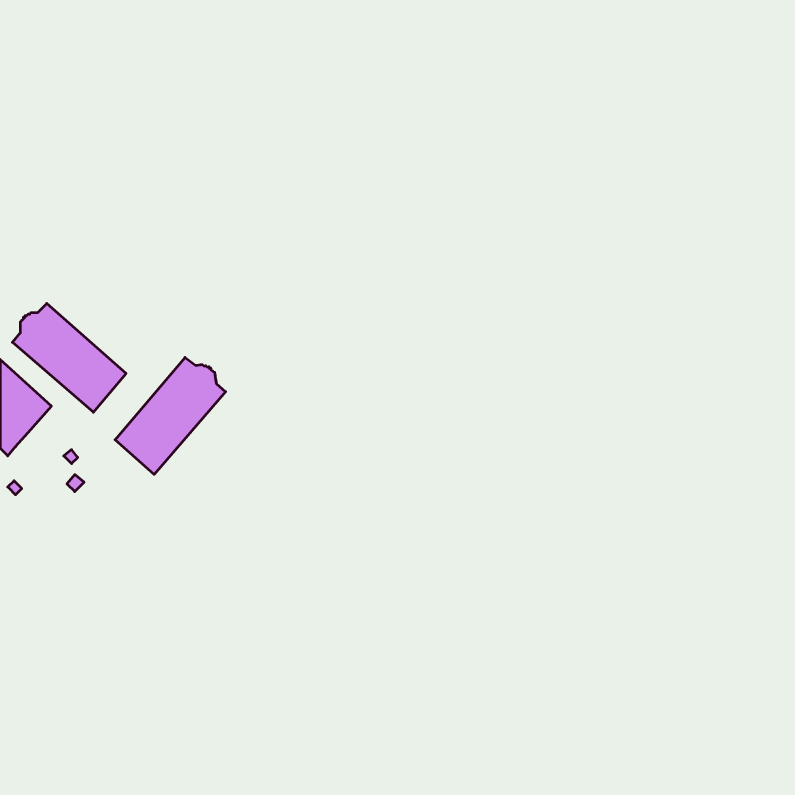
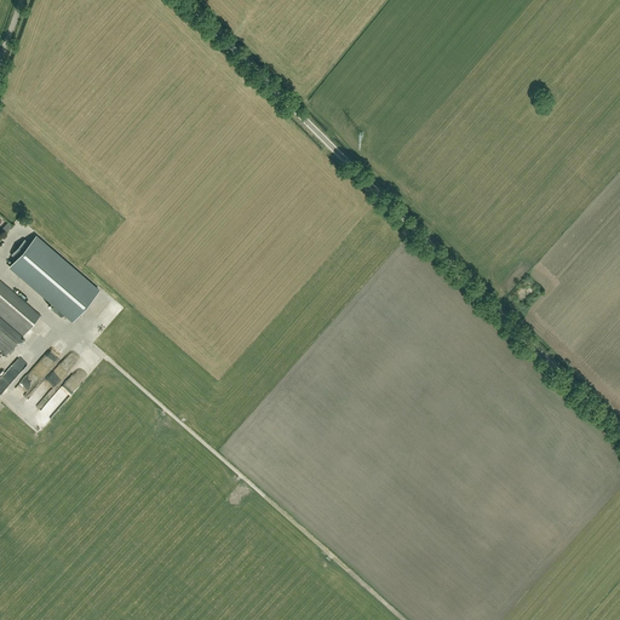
building: [115,357,226,474] -> none

